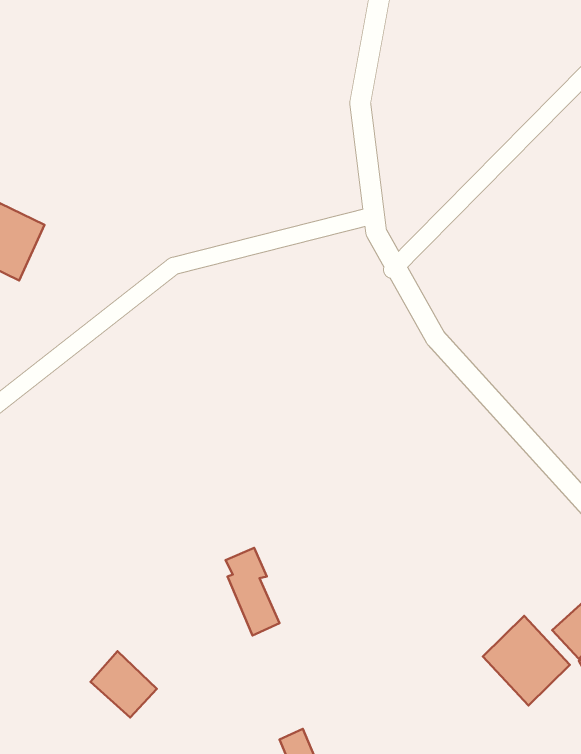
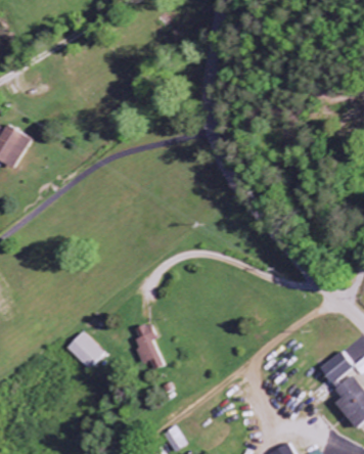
building: [483,616,570,705] -> none
building: [91,651,157,718] -> [65,330,103,368]

